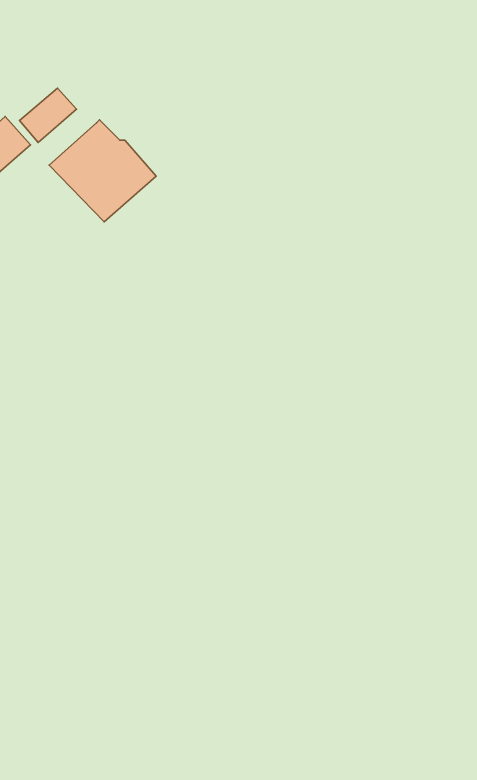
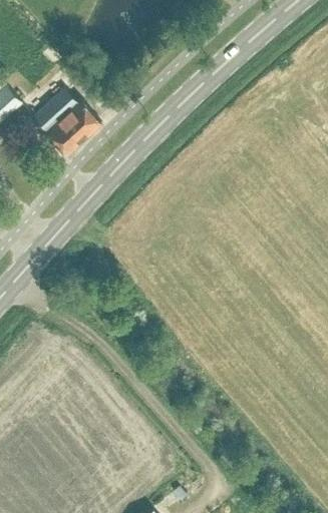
building: [19,88,77,143] -> none

